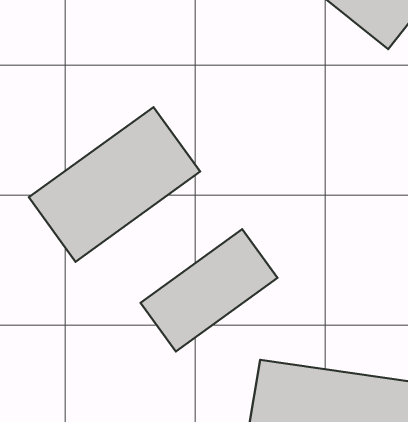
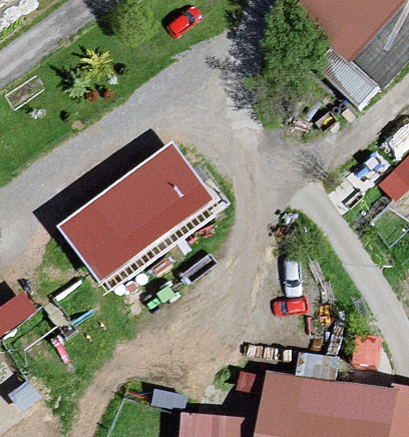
building: [141,229,277,351] -> none

